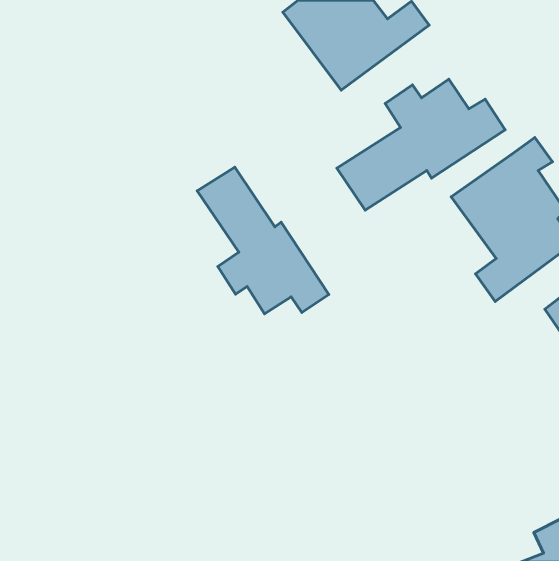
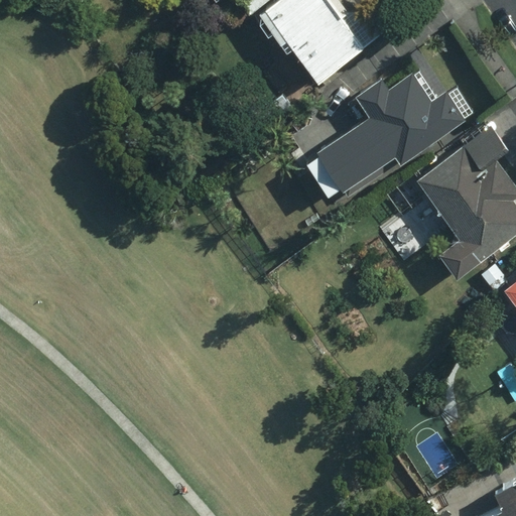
building: [197,167,329,314] -> none

